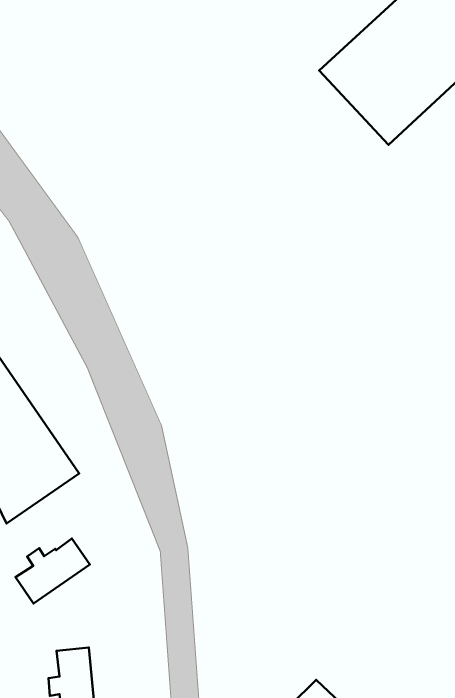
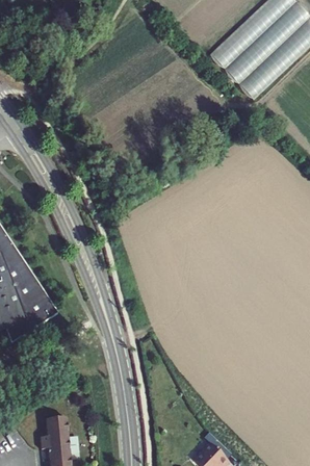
building: [15,538,90,604] -> none

